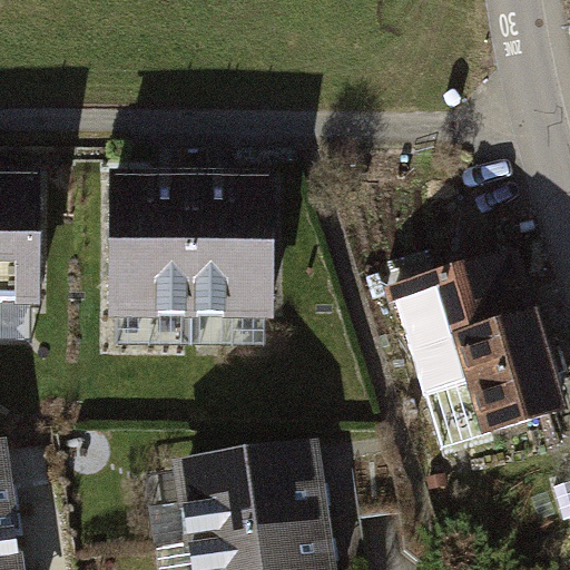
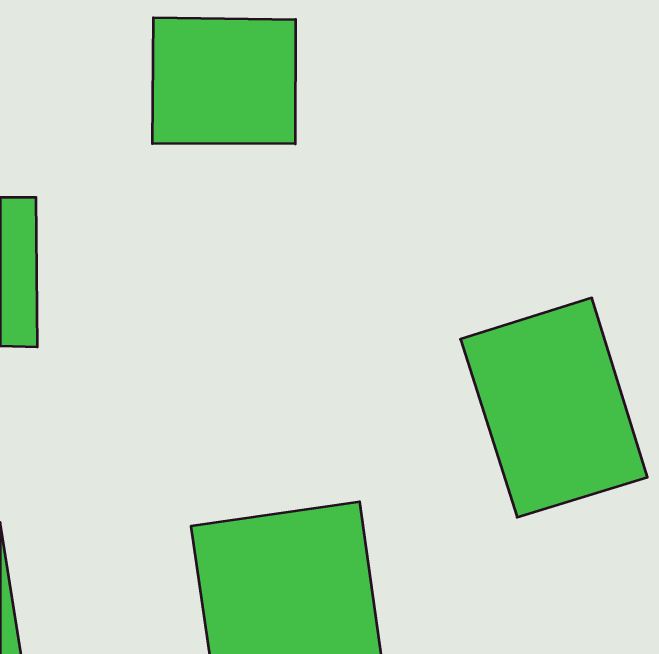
building: none -> [152,18,296,144]
building: [116,174,273,318] -> none

